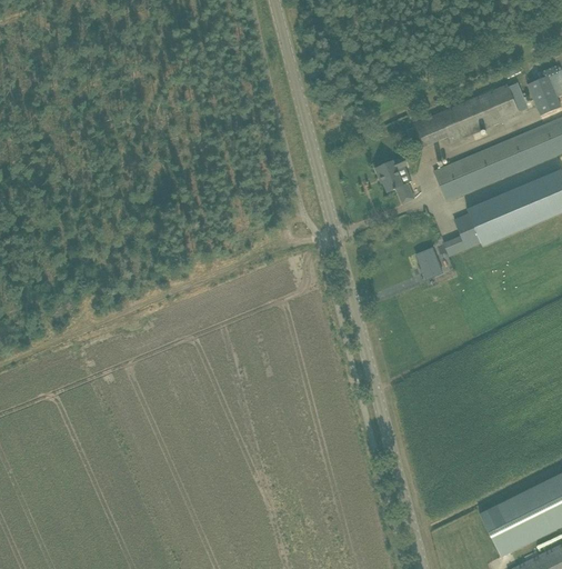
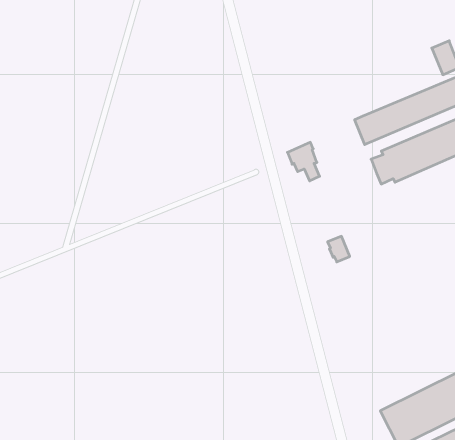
building: [415,82,529,146] -> none
building: [377,156,415,202] -> [287,142,320,181]
building: [417,247,443,278] -> [328,236,350,262]

